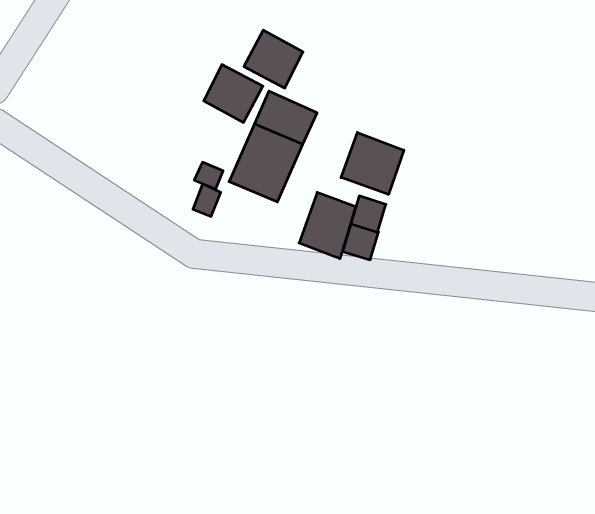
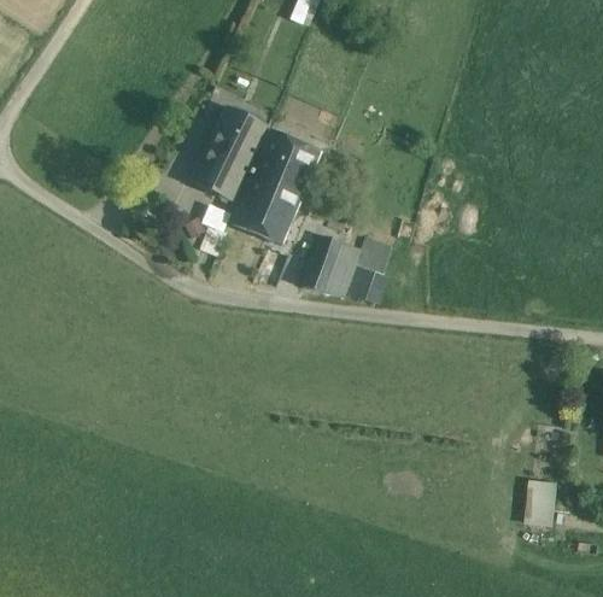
building: [244,30,303,88] -> [189,141,248,199]
building: [341,132,404,194] -> none
building: none -> [522,476,557,525]

